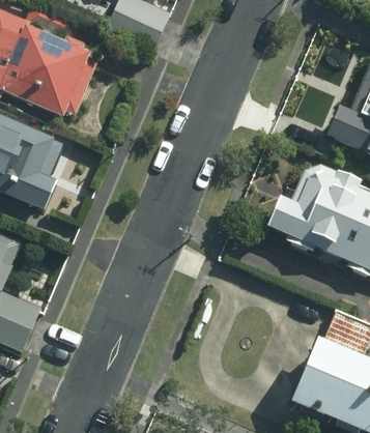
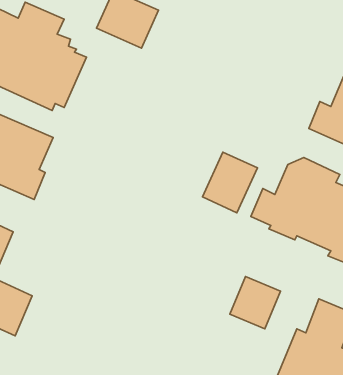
building: none -> [202,152,257,213]
building: none -> [230,277,280,329]

